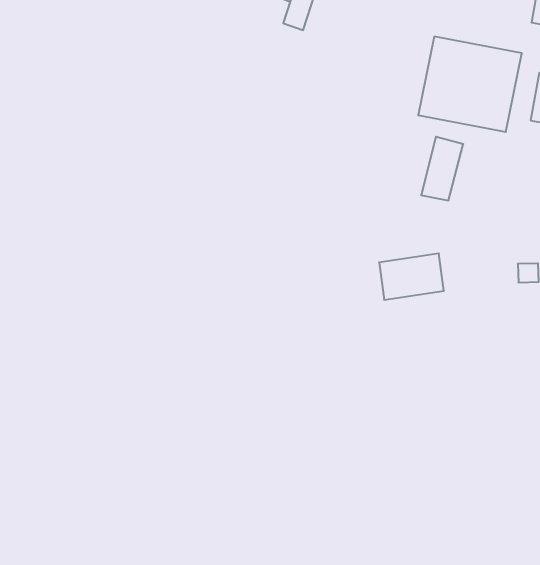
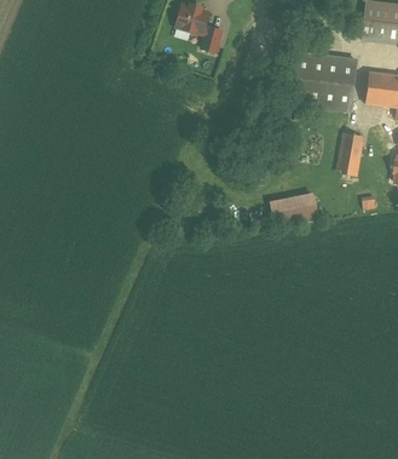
building: [421,137,463,200] -> [338,132,363,173]

